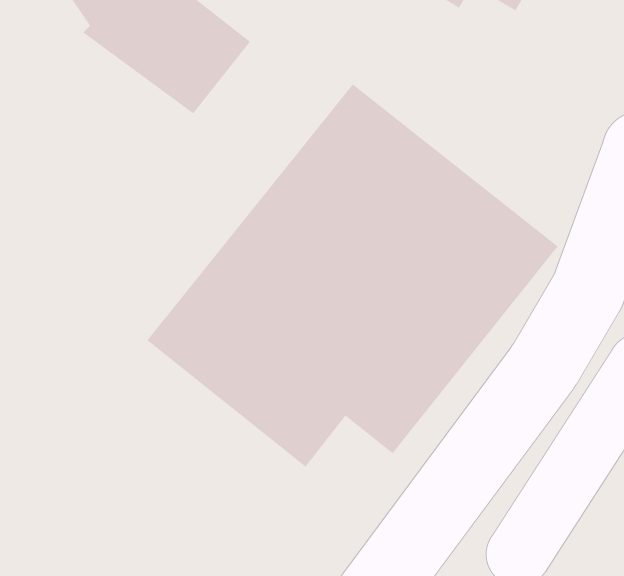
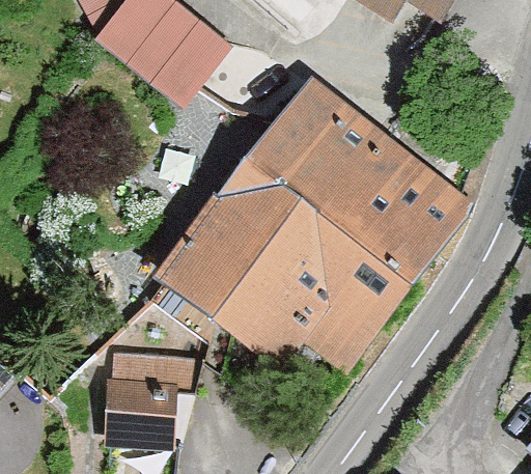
building: none -> [105,351,207,449]

